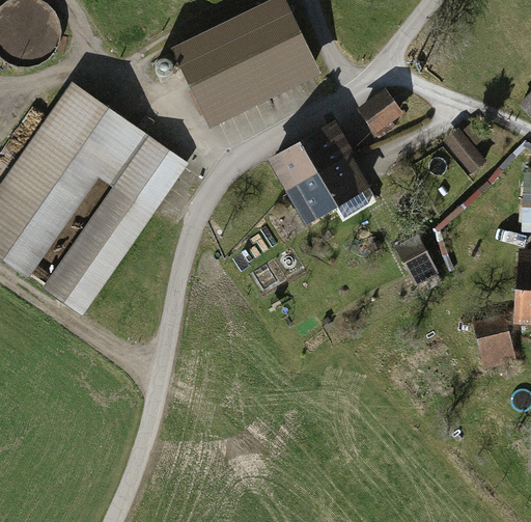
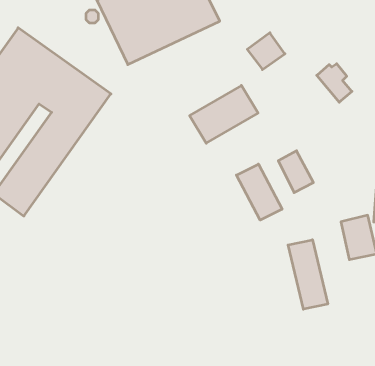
building: [268,120,354,191] -> none
building: none -> [236,164,282,220]
building: none -> [288,240,328,309]

